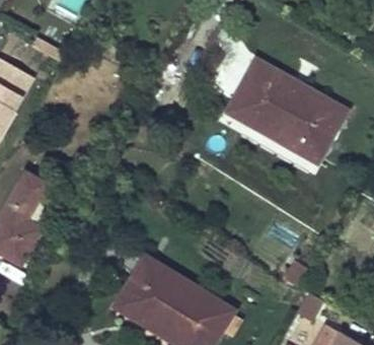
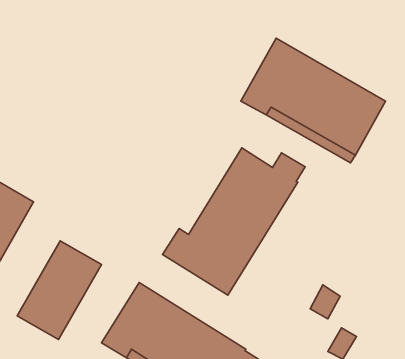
building: none -> [162,148,305,295]
building: none -> [17,241,101,340]

